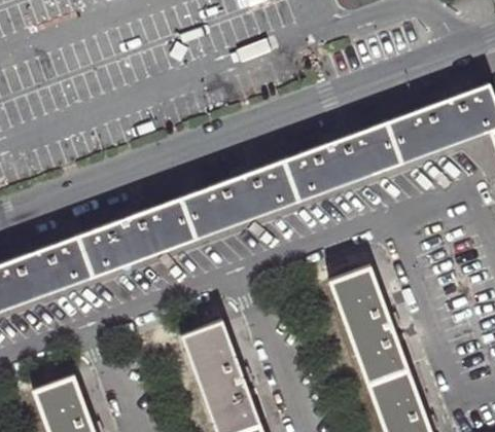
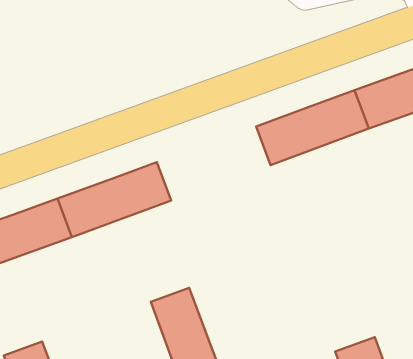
building: [189,158,305,233] -> none
building: [331,267,411,387] -> none

